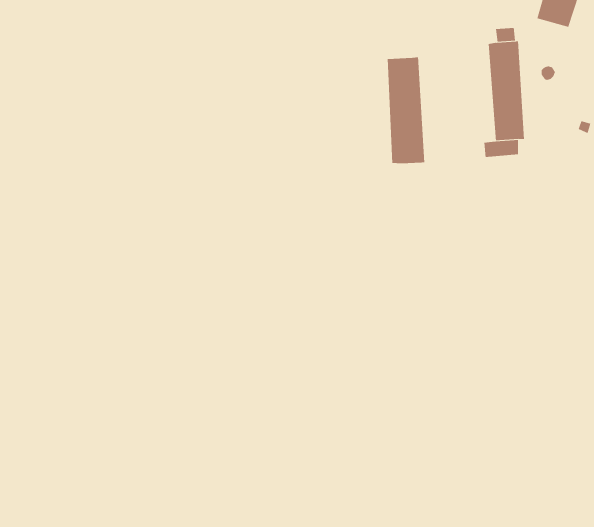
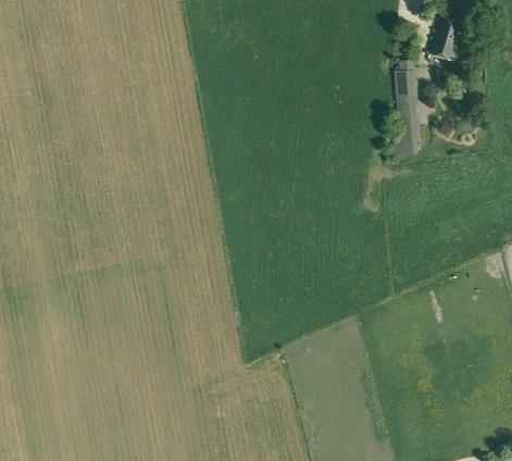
building: [387,56,425,164] -> none

